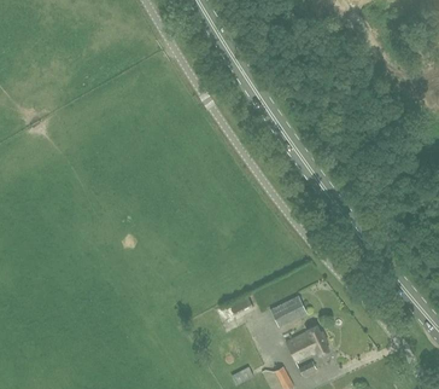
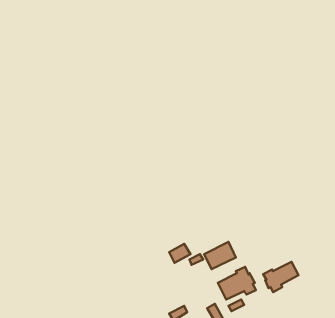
building: none -> [263,262,298,292]

